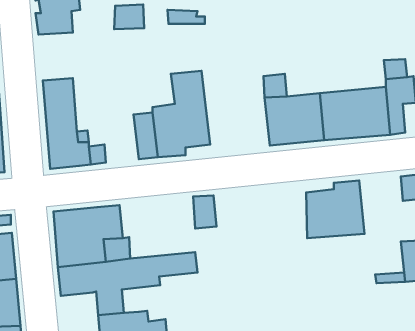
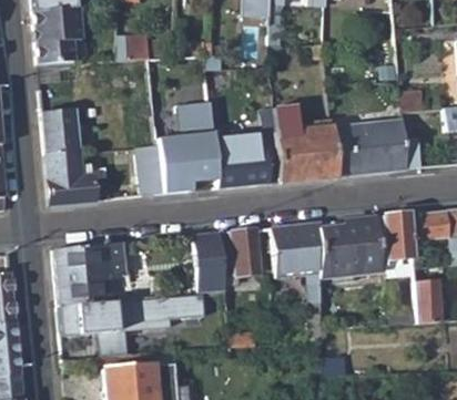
building: none -> [214,127,272,188]
building: none -> [382,213,416,264]
building: none -> [270,223,321,294]
building: none -> [223,229,265,276]

